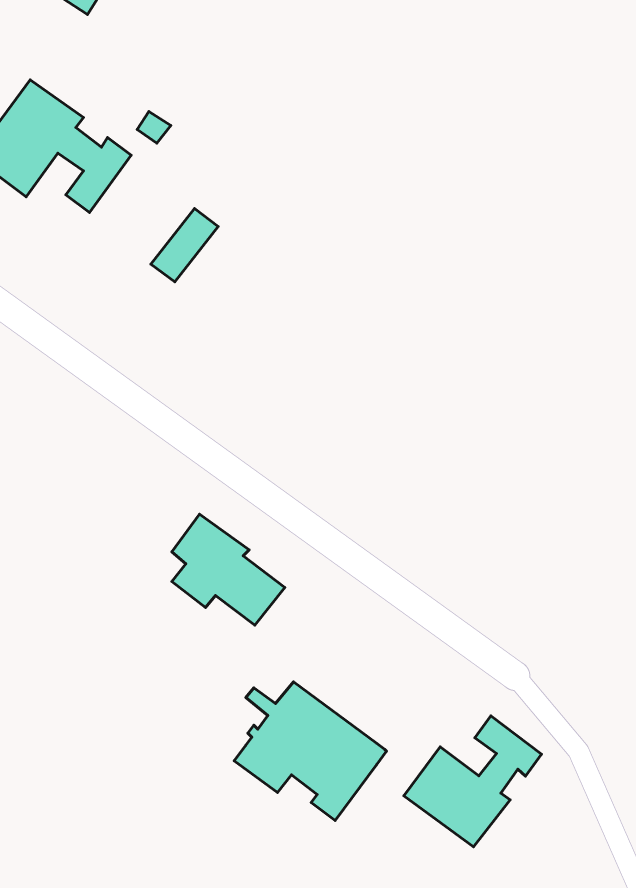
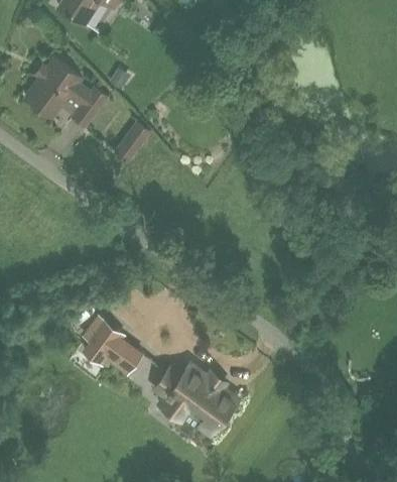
building: [172,514,285,625] -> [84,317,141,373]
building: [404,716,542,847] -> none

